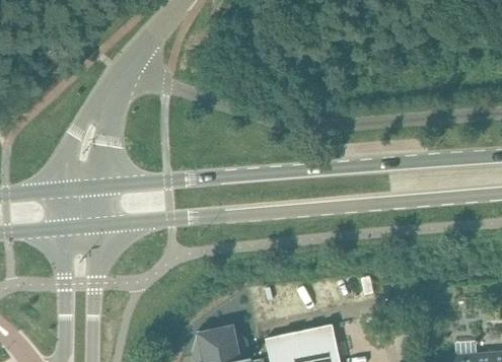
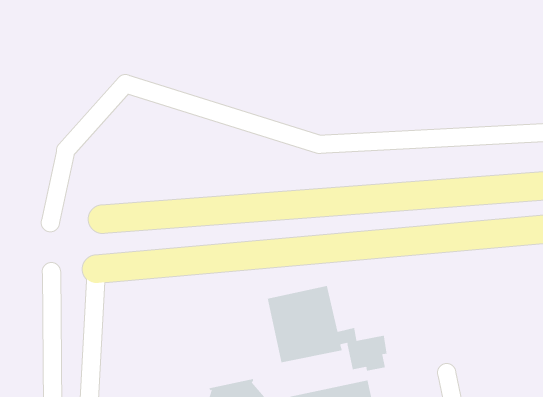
building: none -> [267,285,387,372]

